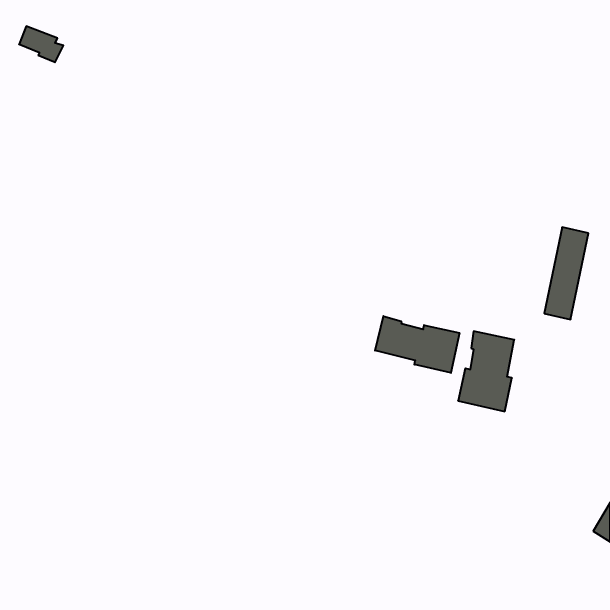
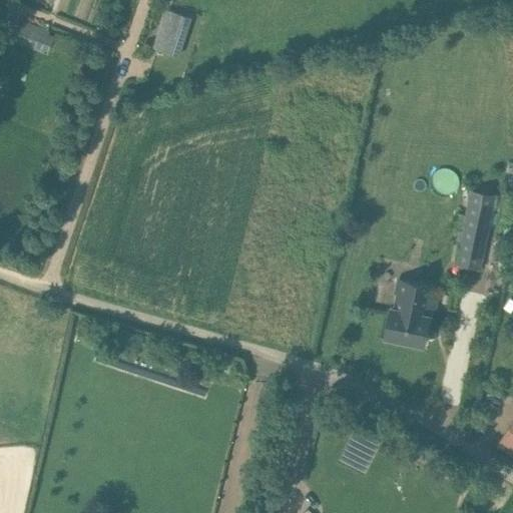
building: none -> [151,11,191,59]
building: [375,316,459,373] -> none

